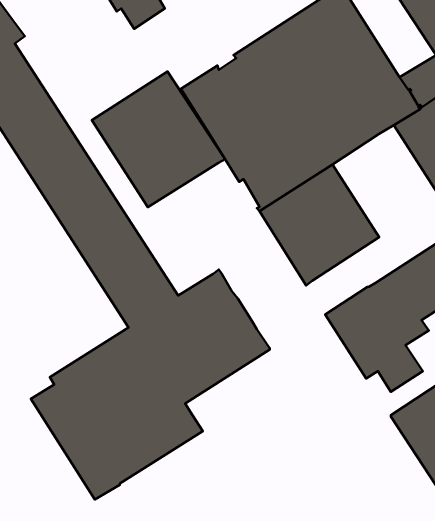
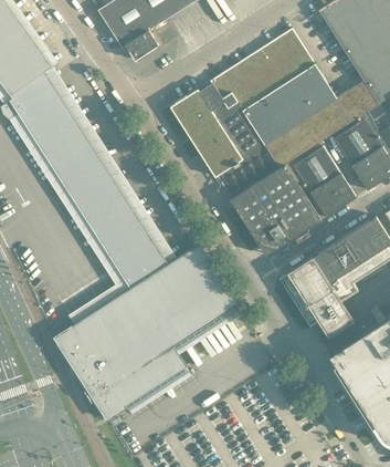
building: [92,71,225,207] -> none
building: none -> [285,141,356,219]

